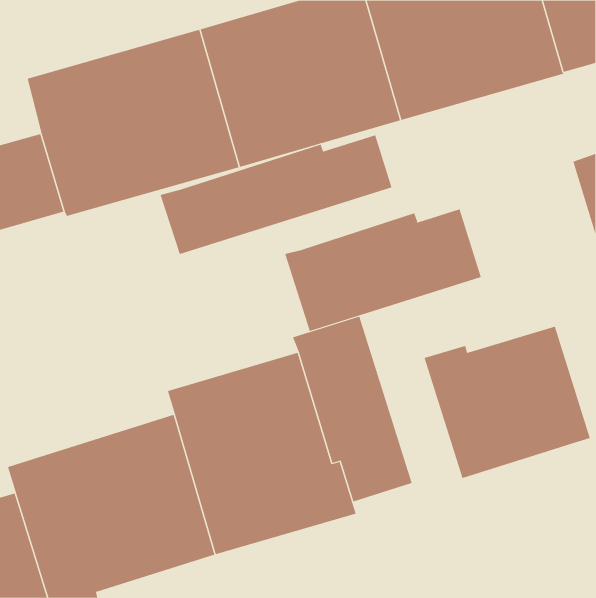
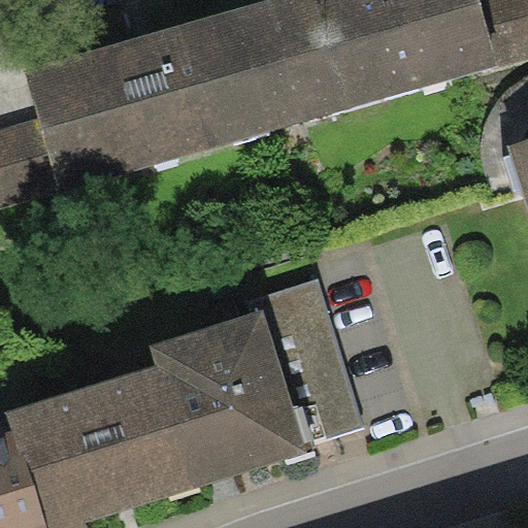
building: [160,135,392,255] -> none
building: [285,209,482,332] -> none
building: [424,326,590,479] -> none

